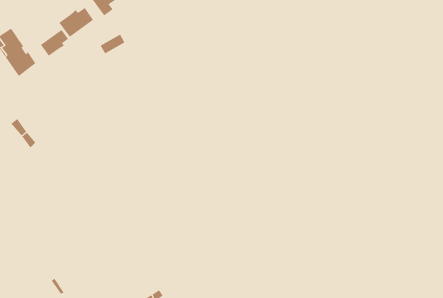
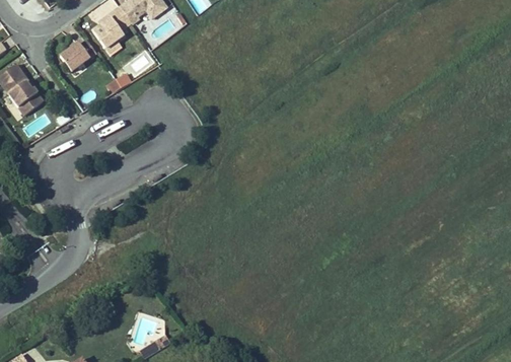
building: [40,29,69,56] -> none

